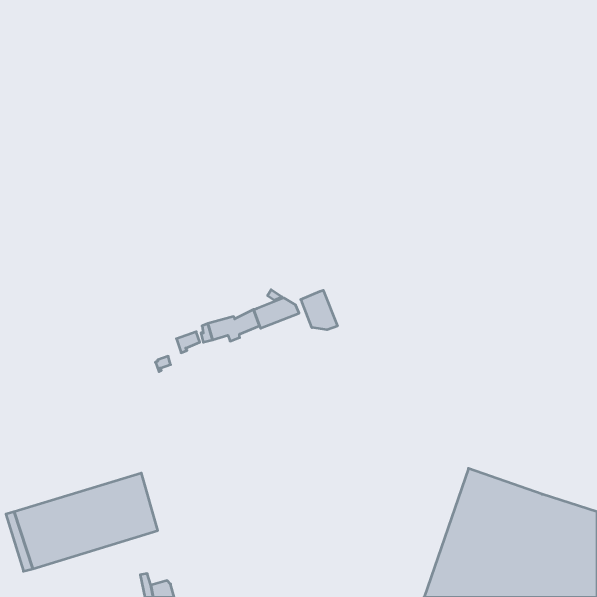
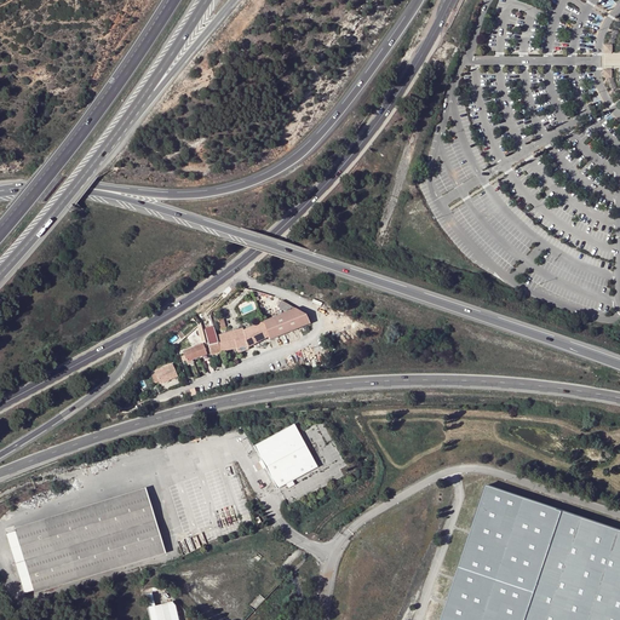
building: [301,290,337,330] -> none
building: none -> [254,421,318,487]

